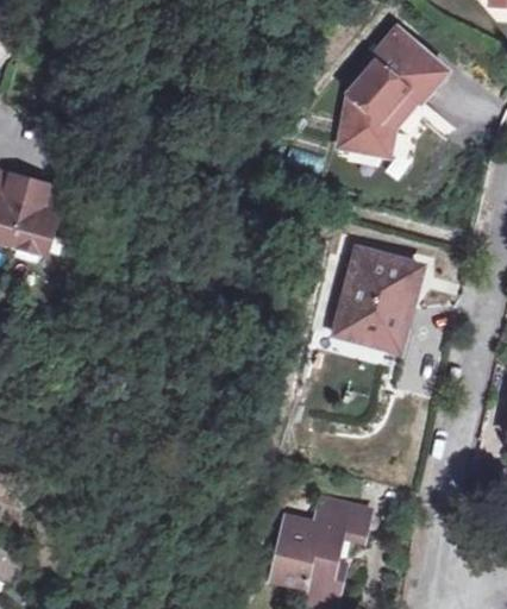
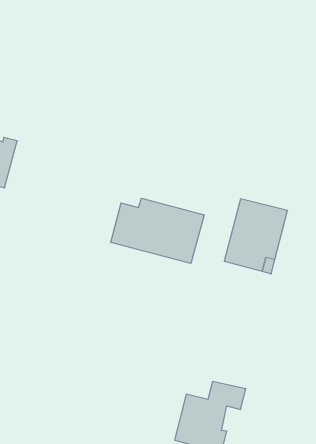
building: [340,29,449,155] -> none
building: none -> [111,198,204,263]

